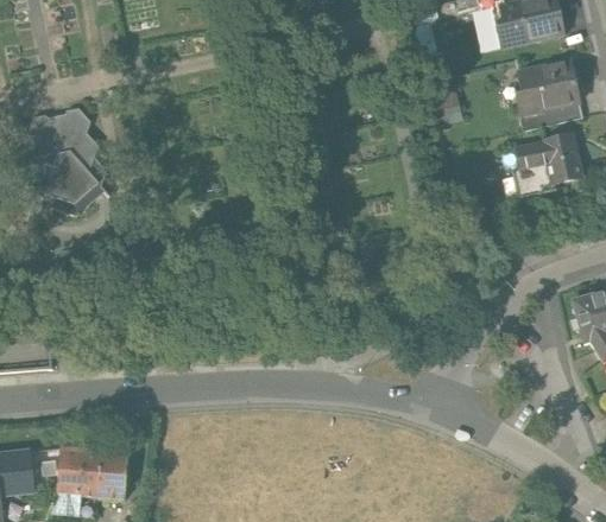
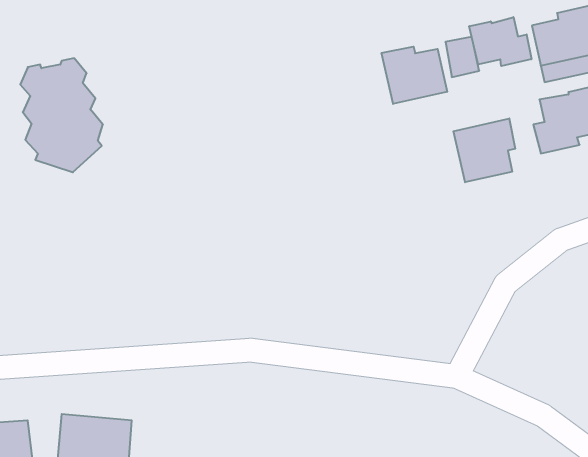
building: none -> [469,17,531,66]
building: none -> [382,47,447,104]
building: none -> [453,118,515,182]

